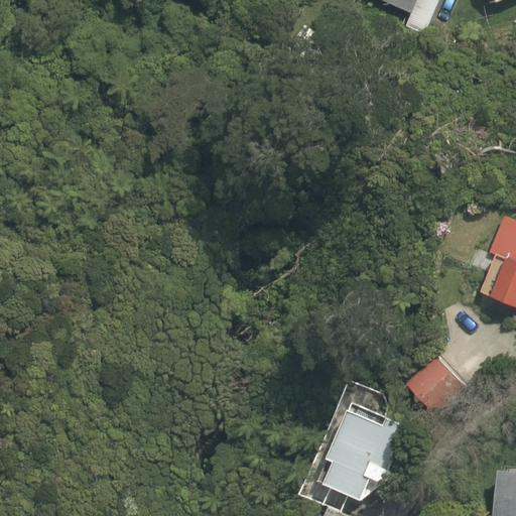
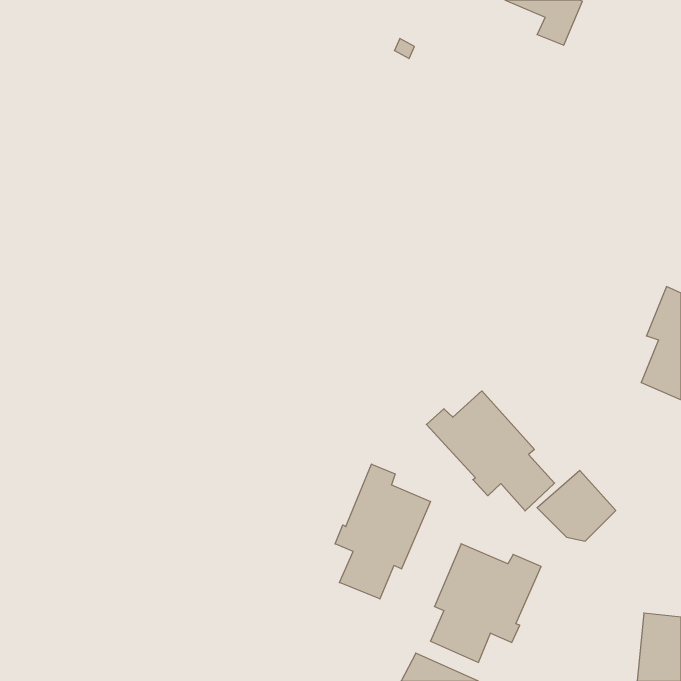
building: none -> [426,391,555,511]
building: none -> [335,464,430,599]

